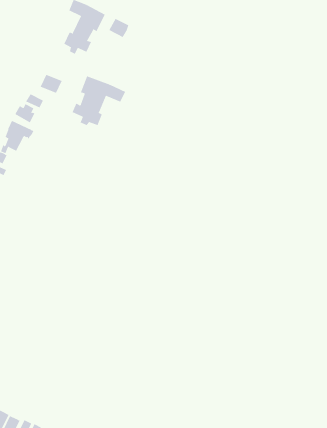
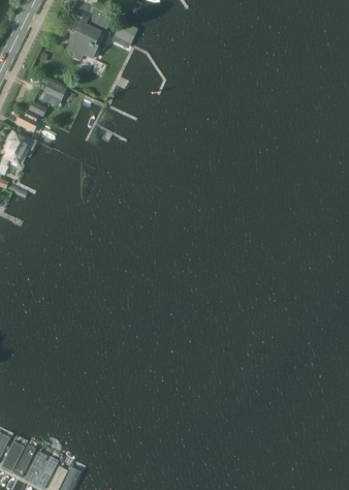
building: [72,75,126,126] -> none

